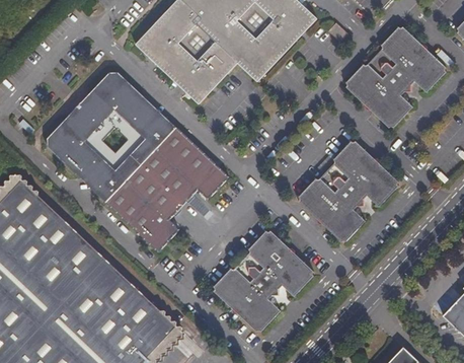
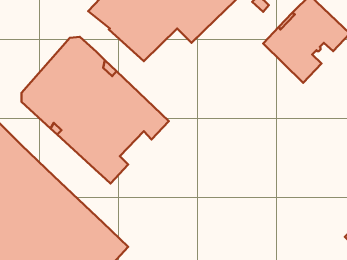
building: [298,140,400,243] -> none
building: [213,227,317,333] -> none

